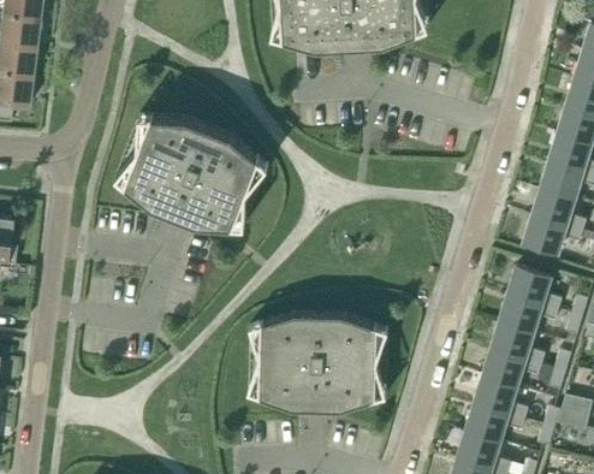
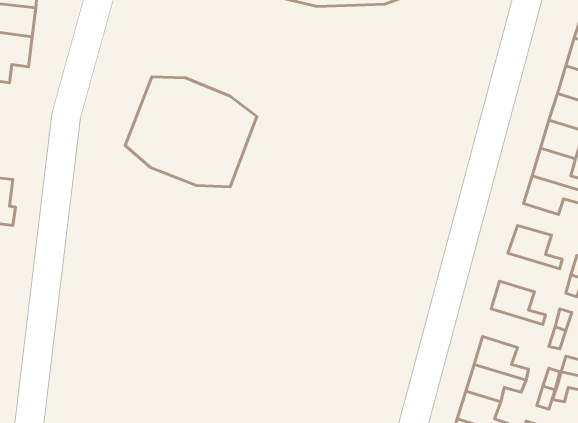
building: [499,294,559,332] -> none
building: [261,314,374,410] -> none
building: [482,349,542,387] -> none

